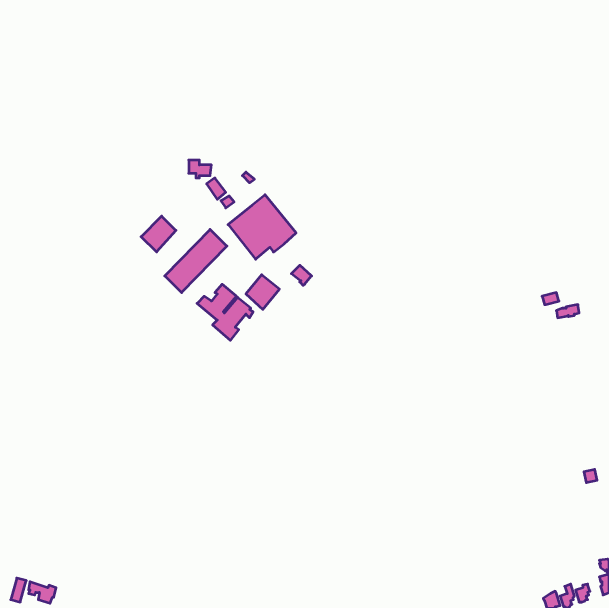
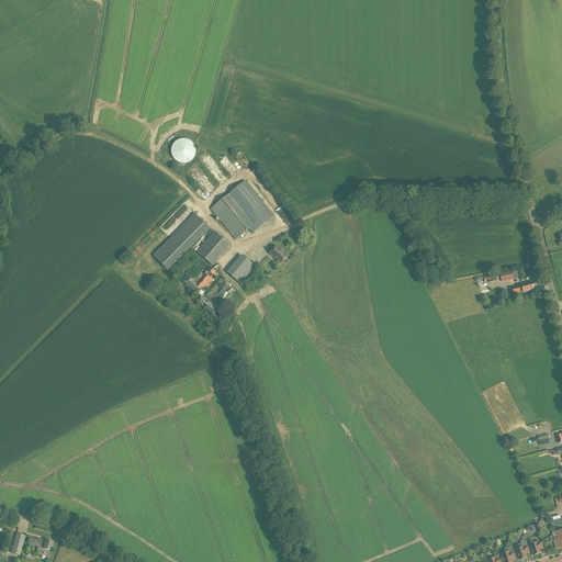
building: [141,216,176,252] -> none
building: none -> [194,228,228,263]

